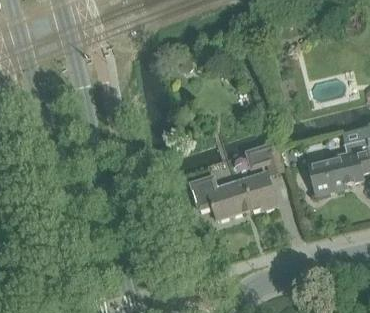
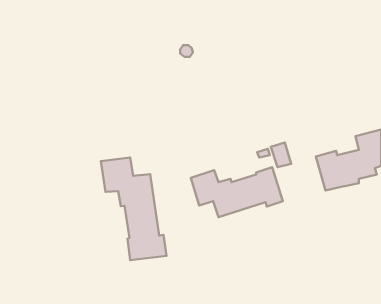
building: none -> [101,158,167,260]

